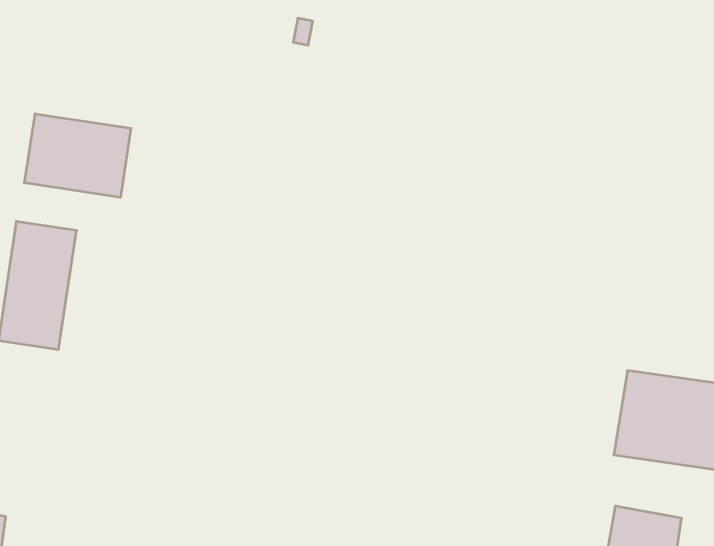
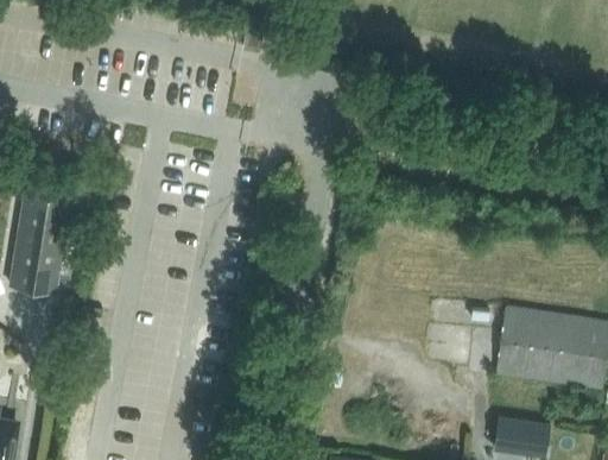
building: [24,114,131,197] -> none

